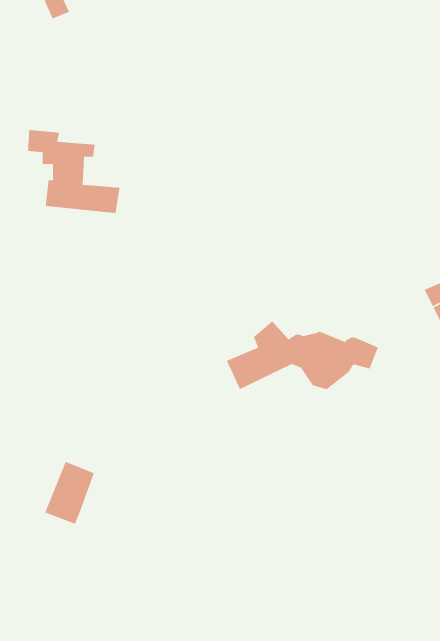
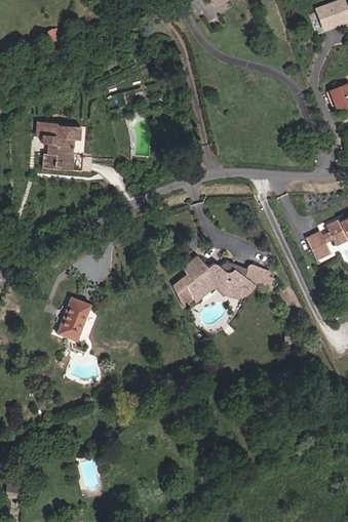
building: [44,461,95,525] -> [59,293,93,337]

